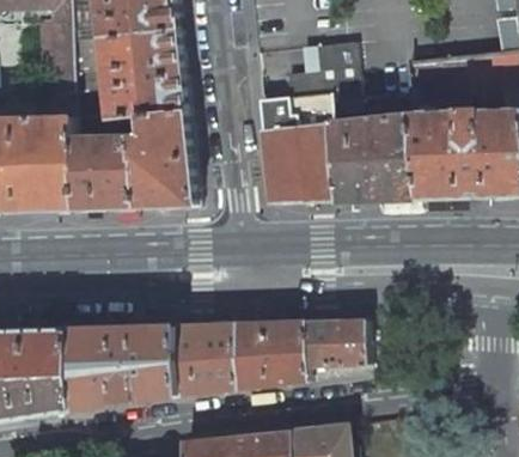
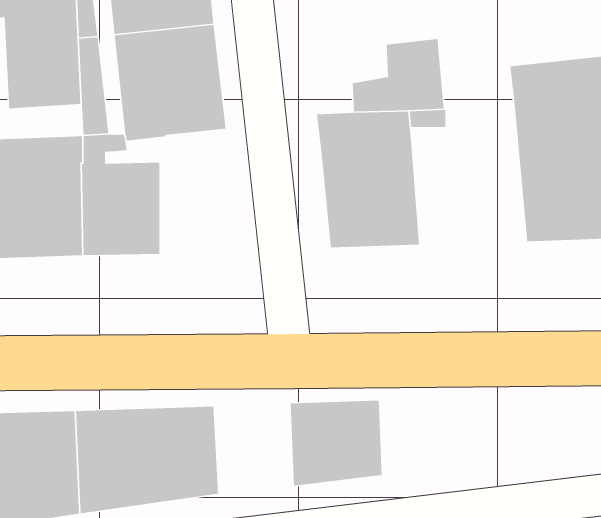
building: [330,95,419,201] -> none
building: [135,111,196,208] -> none
building: [305,319,367,379] -> none
building: [177,323,238,394] -> none

